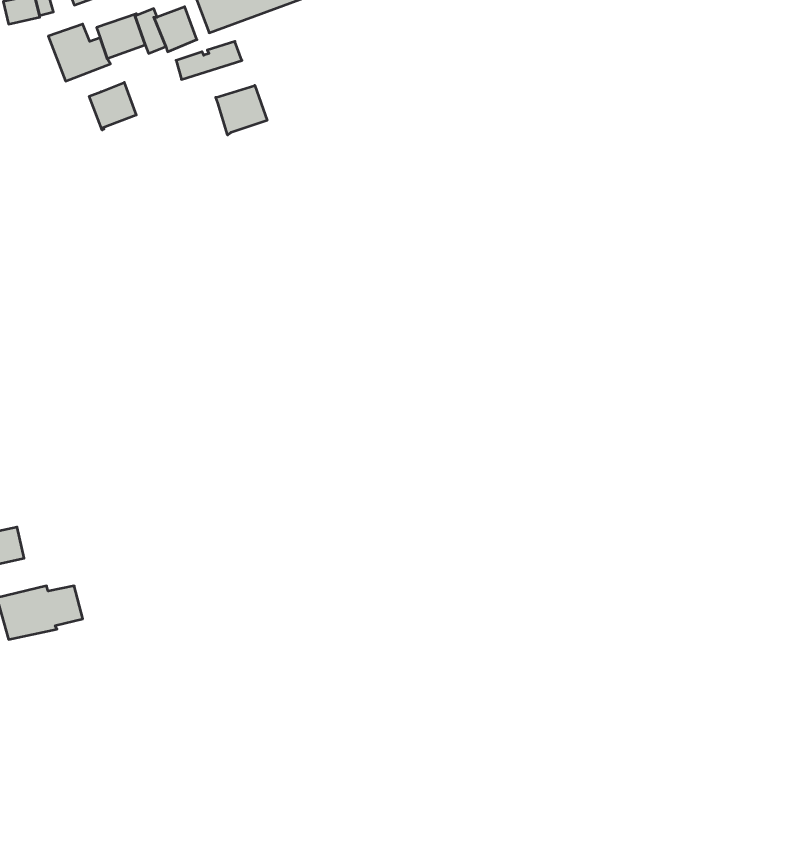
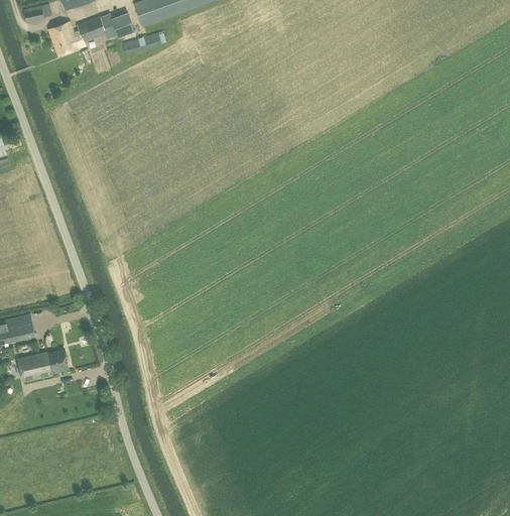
building: [89,82,136,130] -> none
building: [216,85,267,135] -> none

